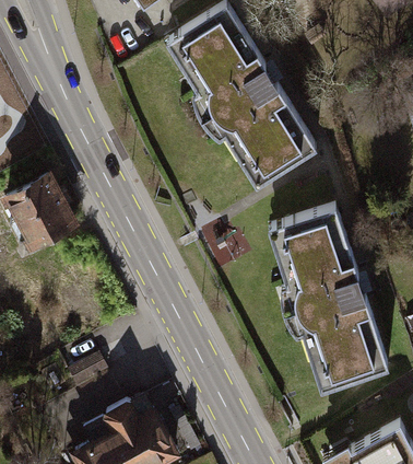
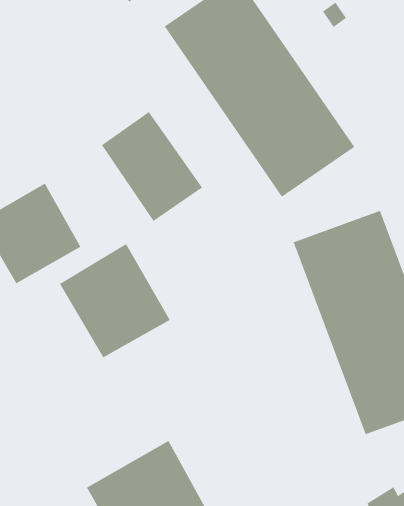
building: none -> [101,111,203,222]
building: none -> [59,243,171,358]

